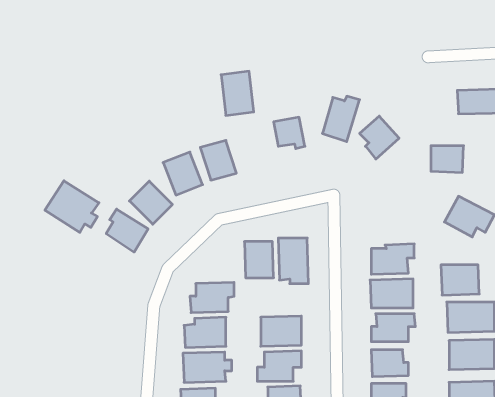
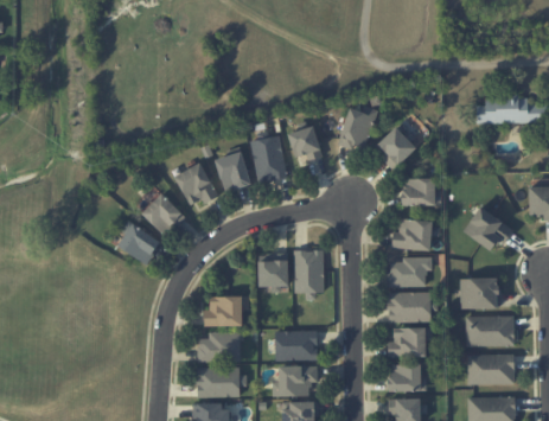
building: [221,71,254,115] -> [253,136,286,181]
building: [431,146,464,172] -> [403,178,436,205]
building: [45,181,99,232] -> none
building: none -> [392,219,433,249]

